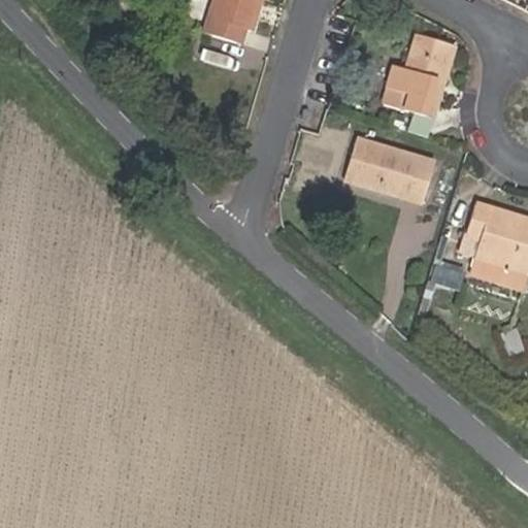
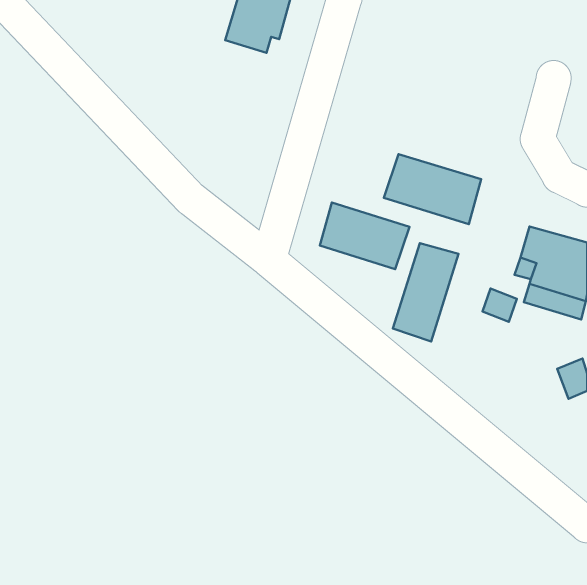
building: [386,34,453,117] -> none
building: none -> [320,203,410,269]
building: none -> [393,243,458,342]

